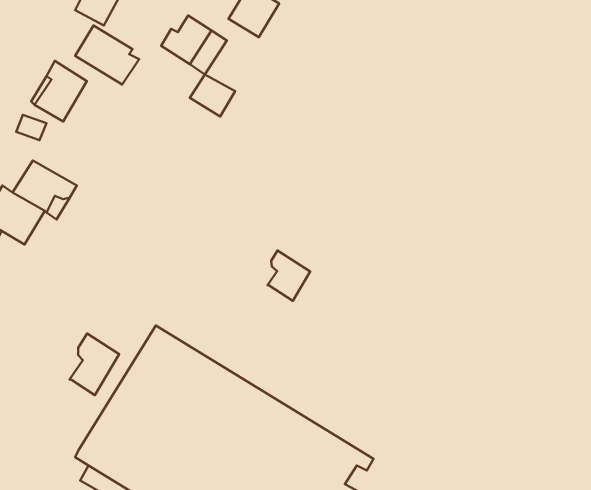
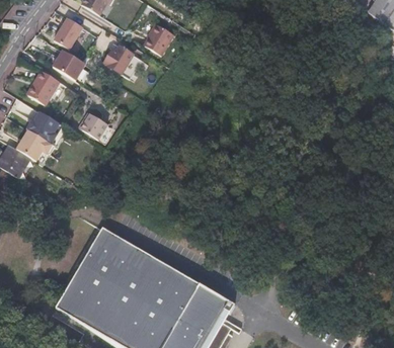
building: [190,74,235,117] -> [81,113,108,139]
building: none -> [27,110,60,141]
building: [267,251,310,301] -> none
building: [70,333,119,395] -> none

